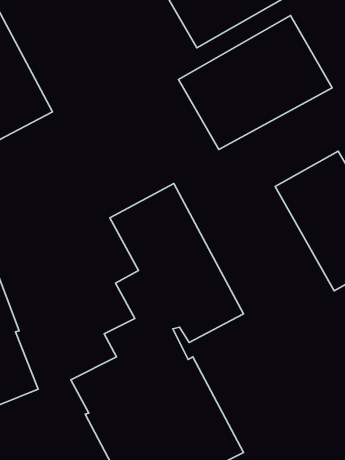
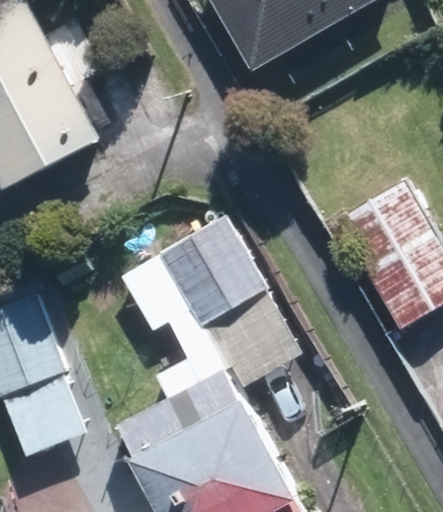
building: [179,16,332,150] -> none

